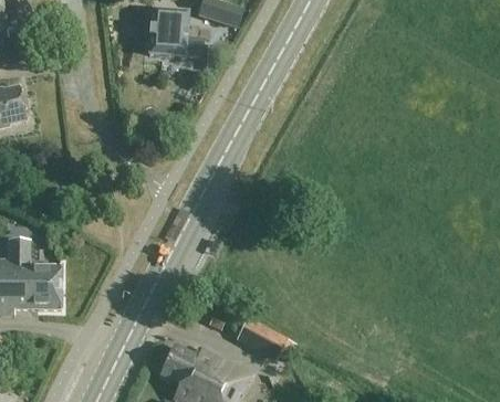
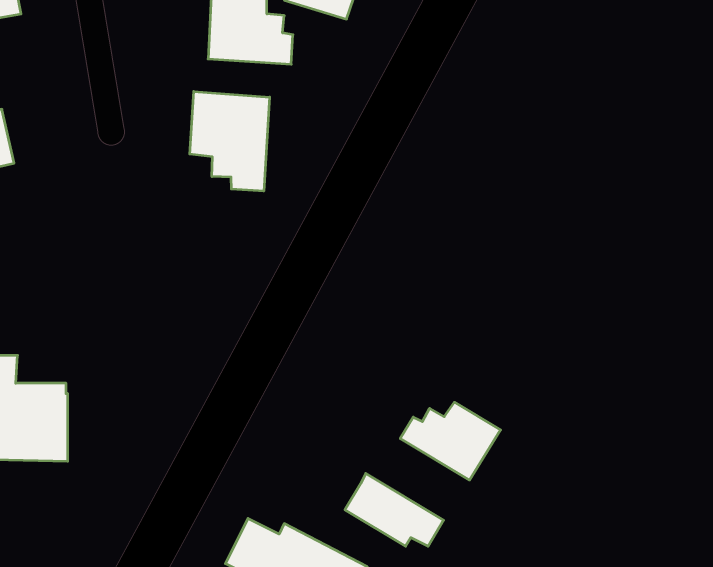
building: none -> [190,91,270,191]
building: none -> [400,402,501,480]

